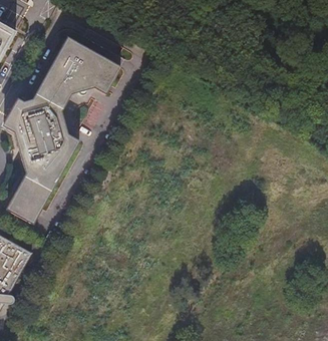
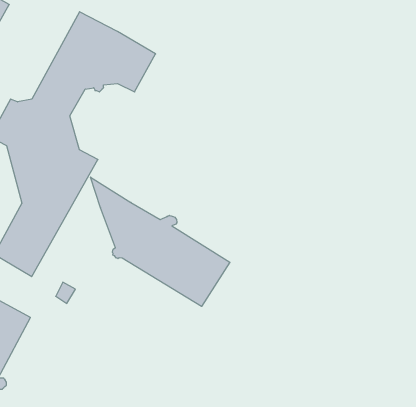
building: none -> [91,177,230,306]

